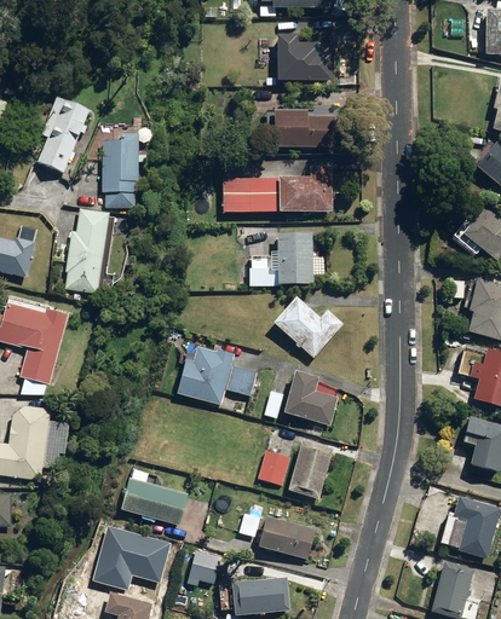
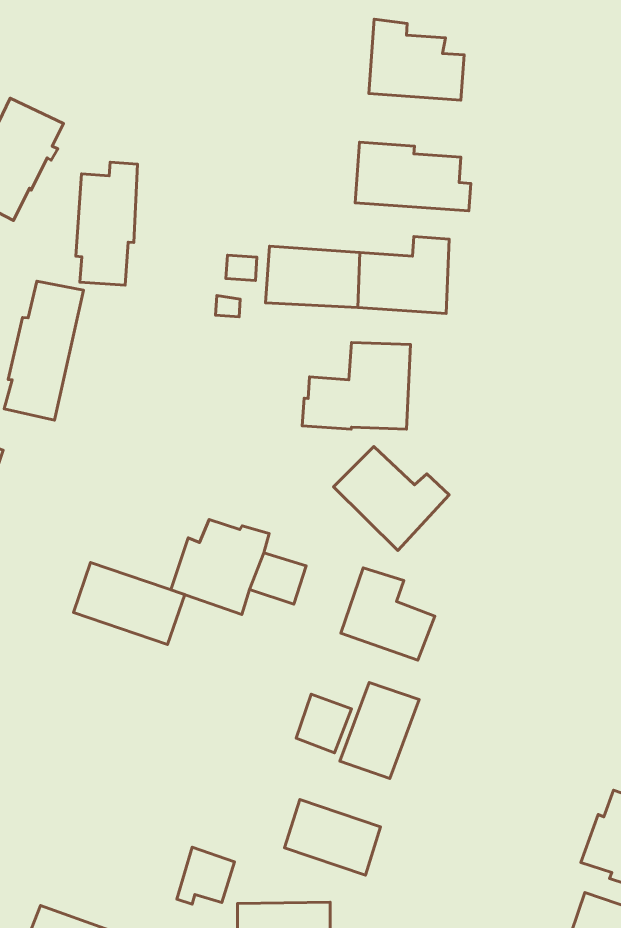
building: [120,479,188,526] -> [73,562,185,645]
building: [96,526,174,591] -> none

